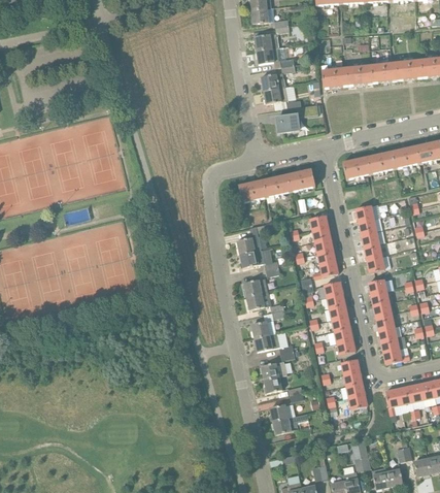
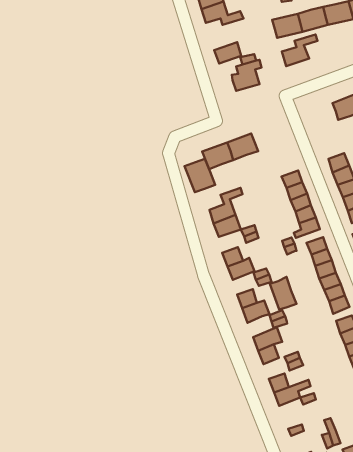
building: [261,65,296,91] -> [282,35,318,66]
building: [342,157,370,179] -> none
building: [286,169,315,192] -> none
building: none -> [185,159,215,192]
building: none -> [270,277,296,310]

